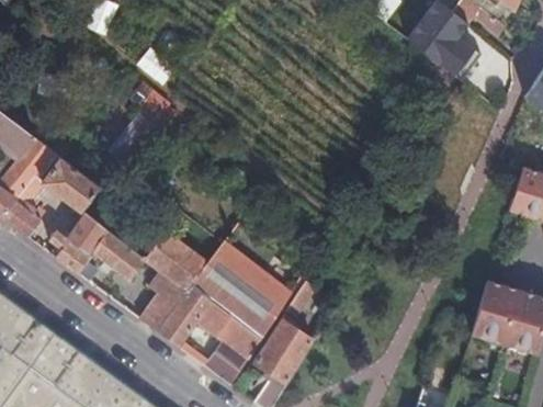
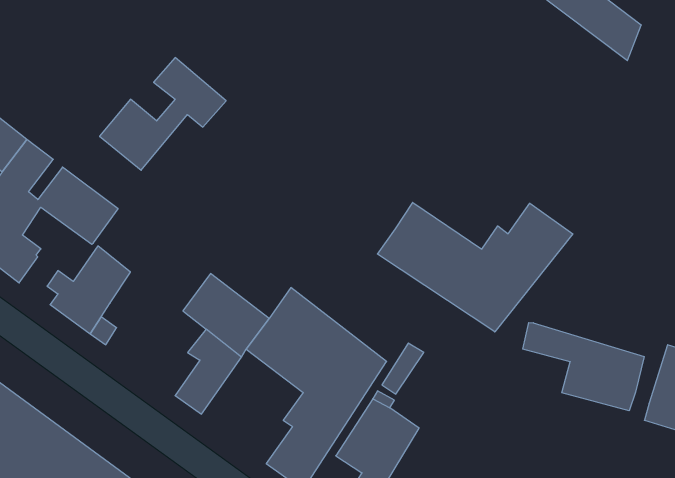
building: none -> [377,202,573,332]
building: [93,228,146,276] -> none
building: none -> [523,323,644,411]
building: [158,283,230,349] -> none

